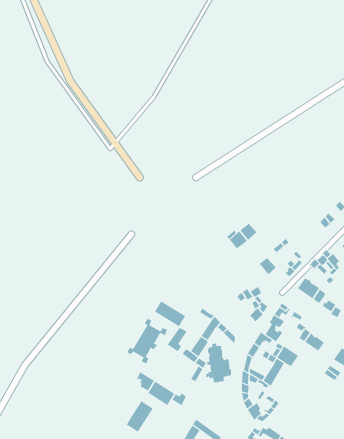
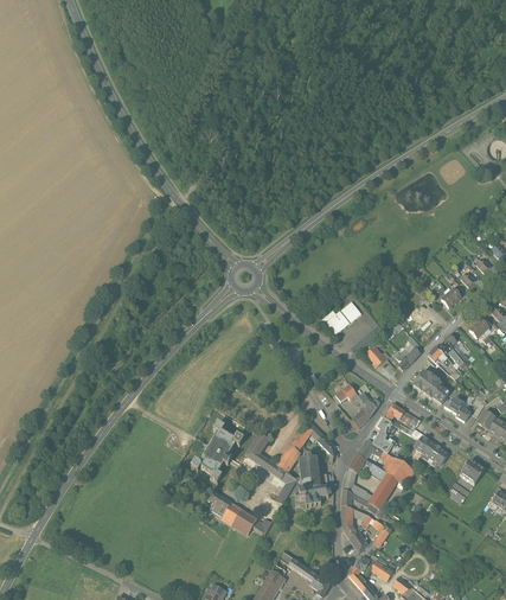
building: [154,301,186,327] -> none
building: [126,400,153,432] -> none

